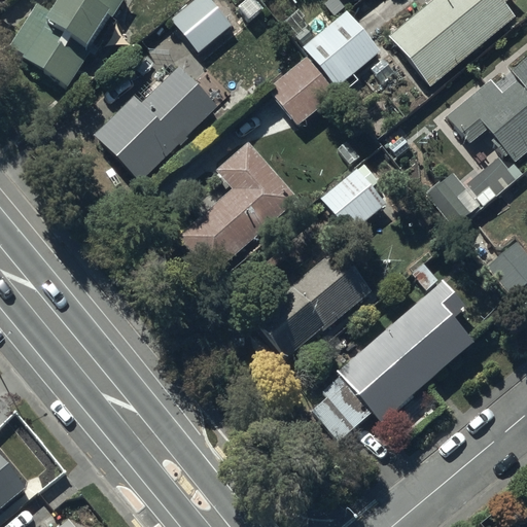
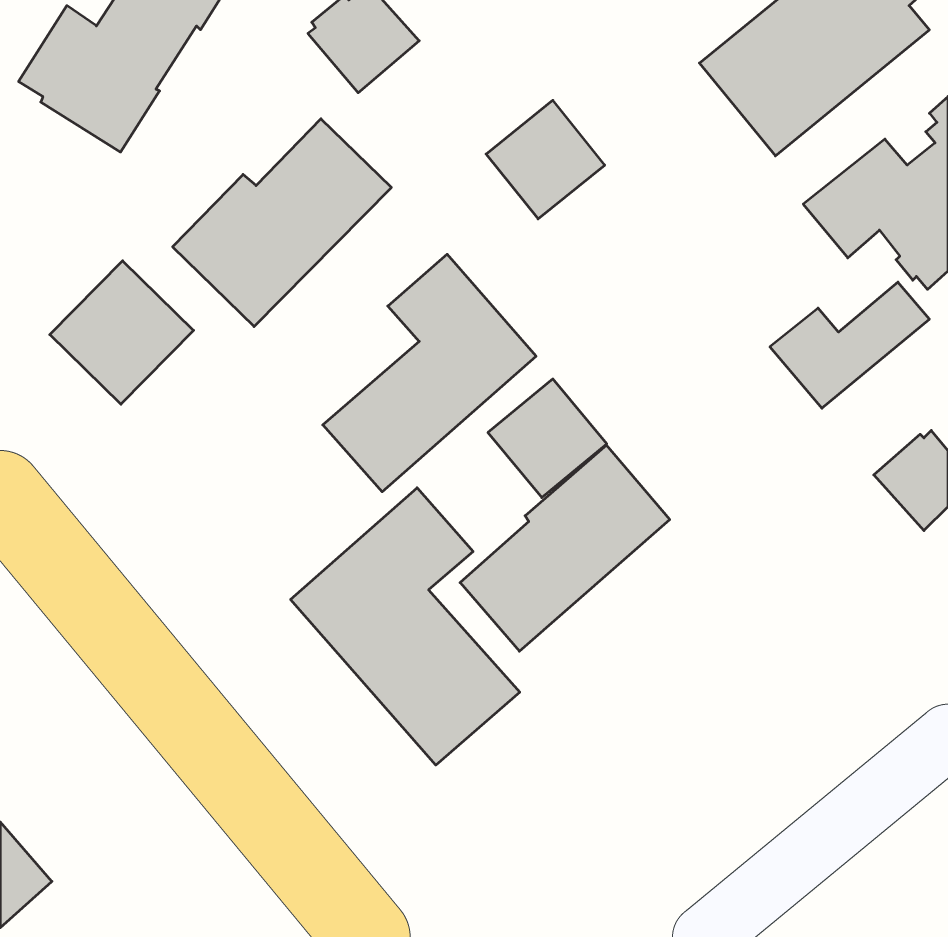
building: [304,9,381,86] -> none
building: none -> [50,261,194,404]
building: [322,167,388,233] -> [488,379,607,498]
building: none -> [291,488,520,765]
building: [312,280,475,442] -> none

